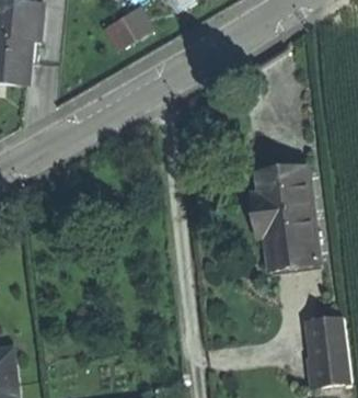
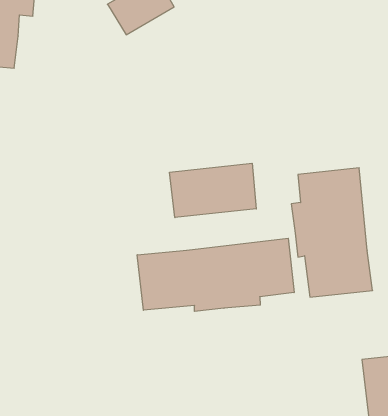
building: none -> [170,163,256,218]
building: none -> [137,238,294,311]

